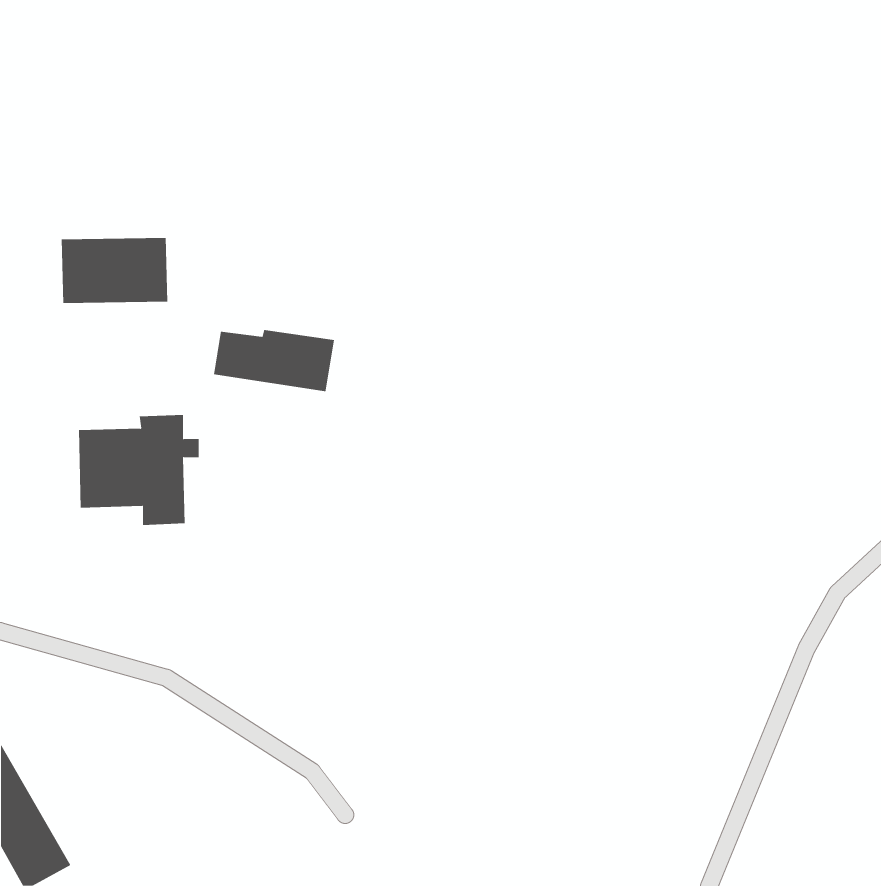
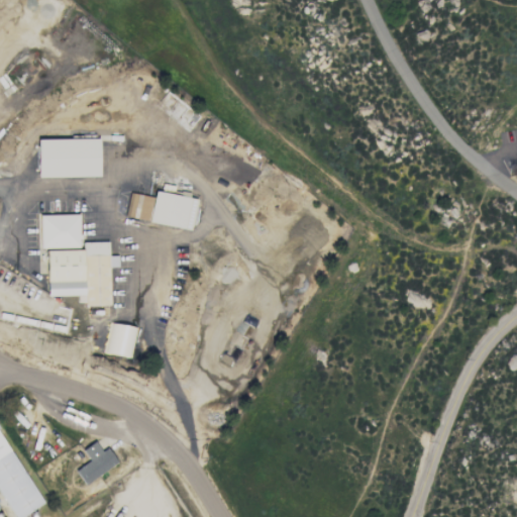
building: none -> [41,214,81,247]
building: none -> [109,323,138,356]
building: none -> [77,441,120,485]

